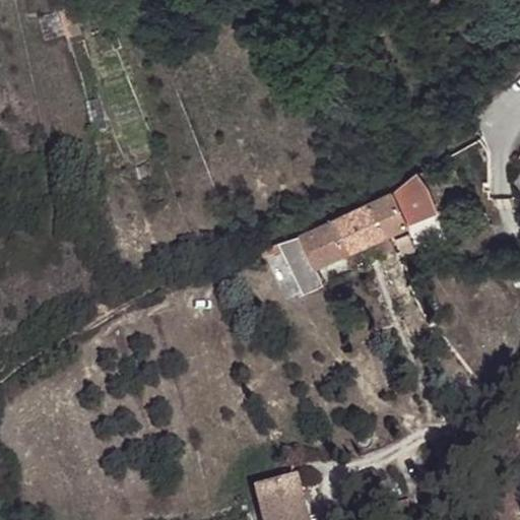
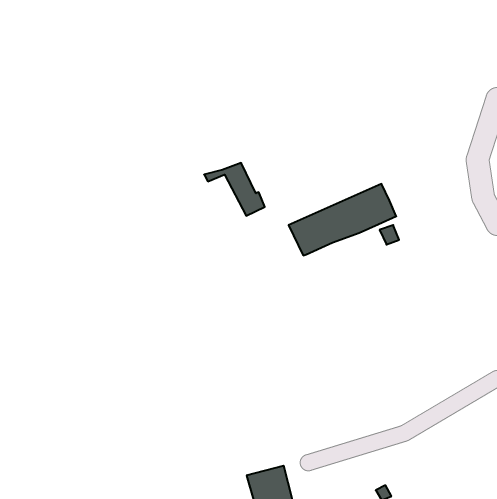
building: [396,176,438,225] -> none
building: [261,235,324,289] -> [204,163,265,216]

